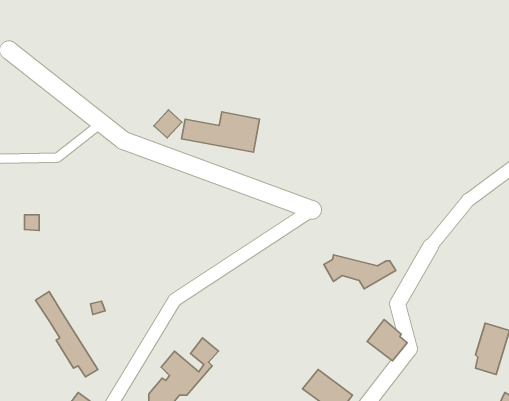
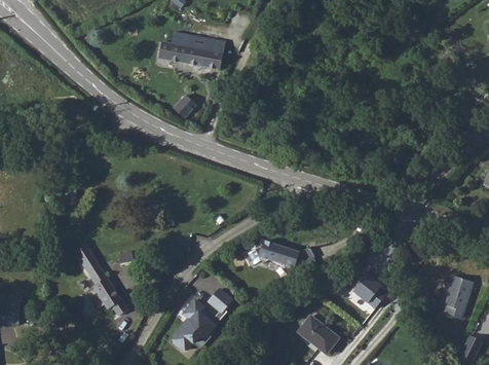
building: [182,112,260,152] -> [160,36,226,70]
building: [324,255,396,289] -> [253,244,313,272]

